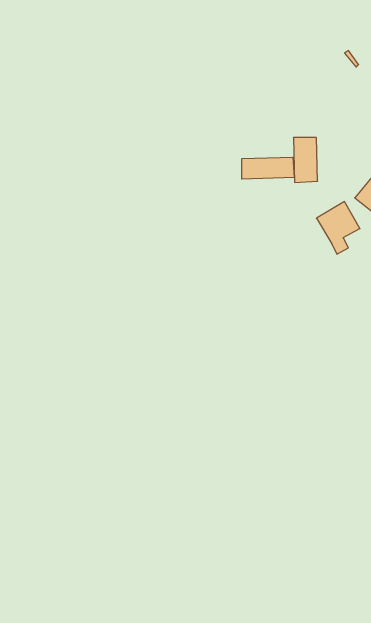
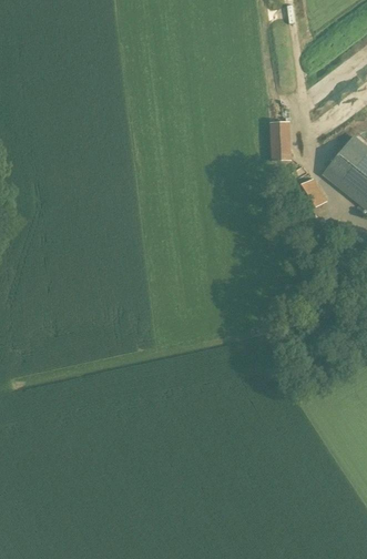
building: [242,157,294,179] -> none

